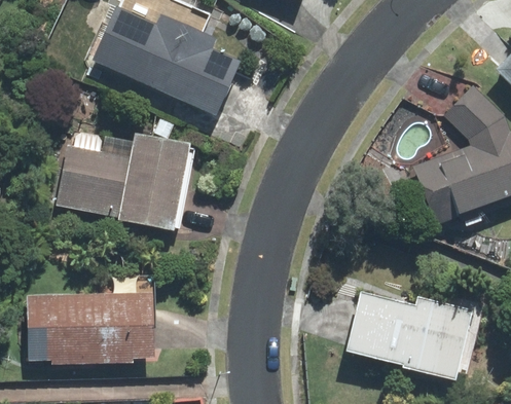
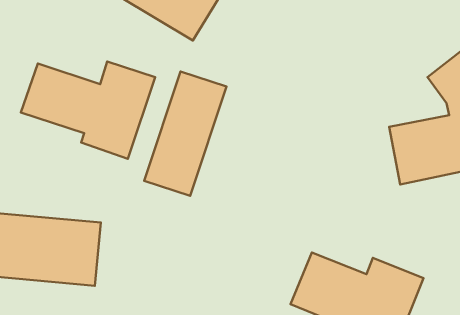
building: none -> [144,71,227,196]

